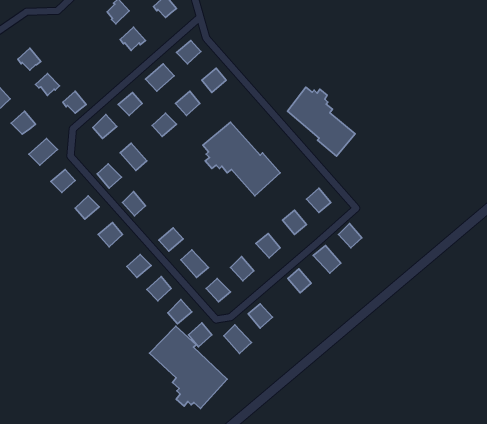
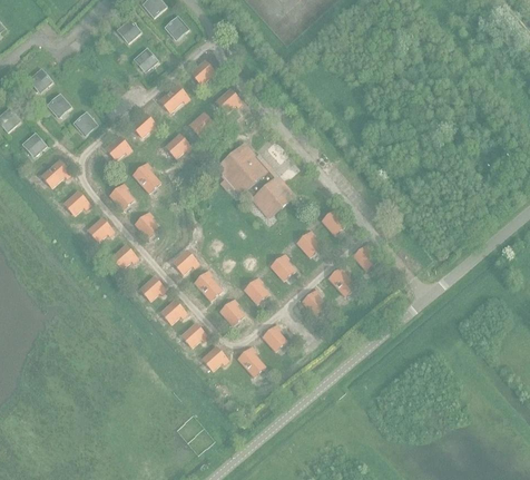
building: [287,87,355,156] -> none
building: [149,326,227,408] -> none

